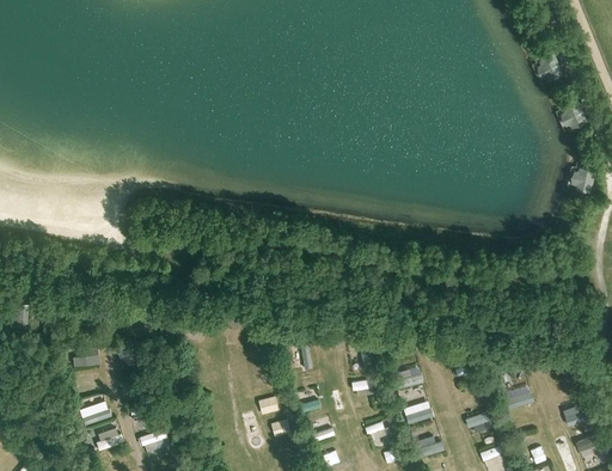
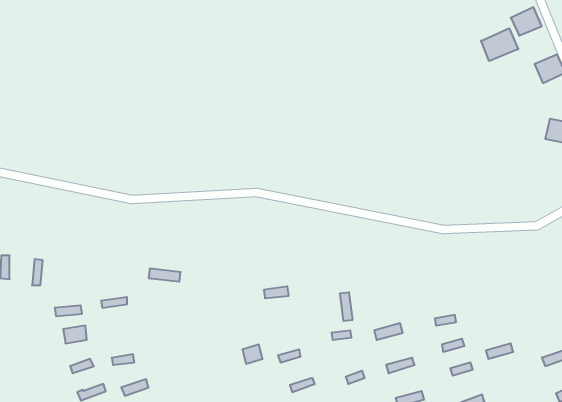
building: none -> [481,28,518,61]

